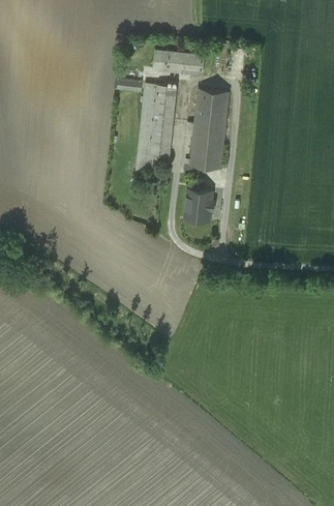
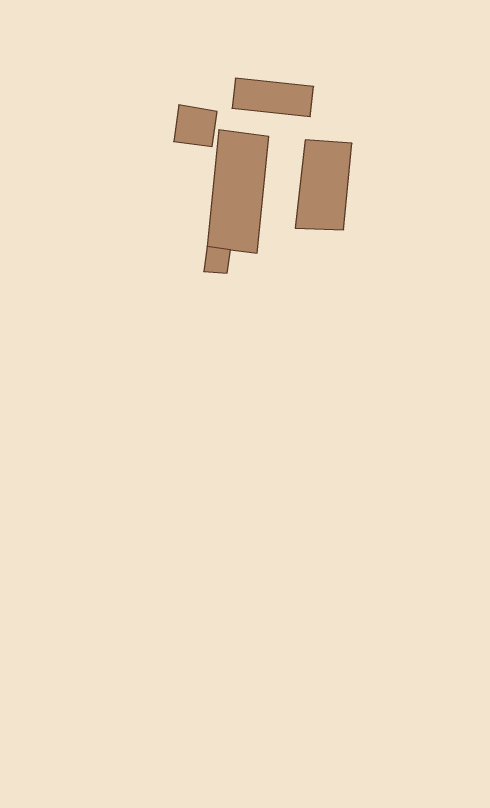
building: [190,144,222,166] -> none
building: [185,189,214,220] -> none

